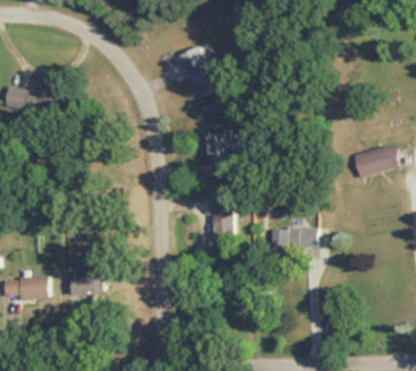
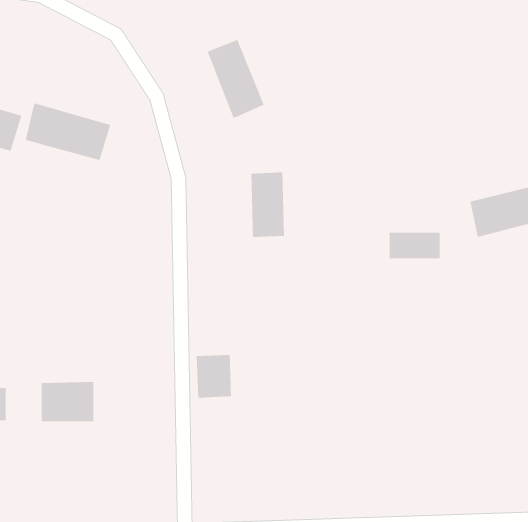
building: none -> [25,102,111,161]
building: [211,214,234,243] -> [196,354,232,398]
building: [271,228,306,246] -> [389,232,441,259]

